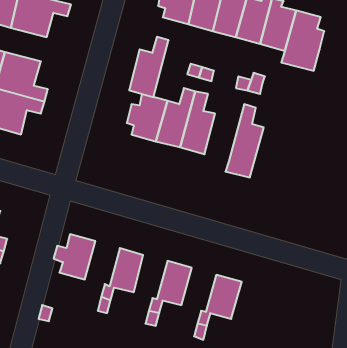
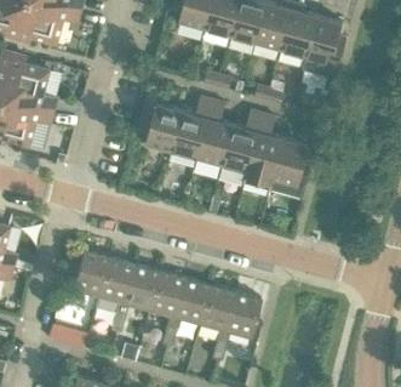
building: [129,37,169,97] -> [222,108,263,171]
building: none -> [269,136,314,197]
building: none -> [97,255,133,302]
building: none -> [148,269,183,315]
building: none -> [197,283,234,329]

